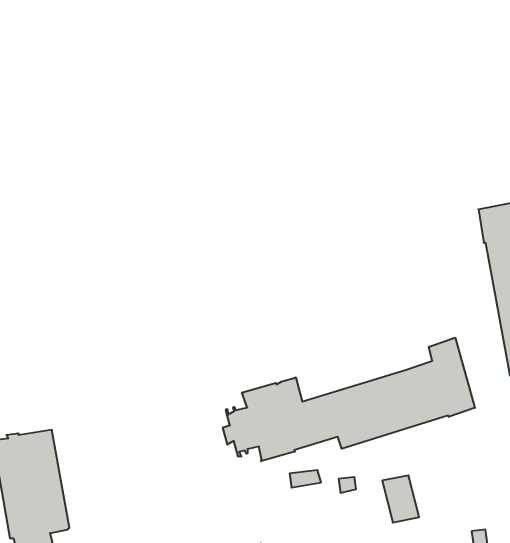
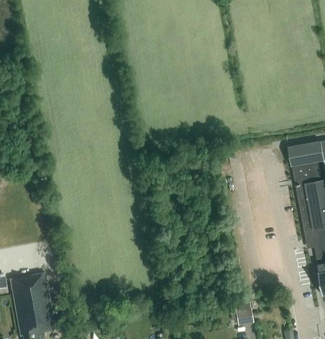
building: [223,338,475,461] -> none

